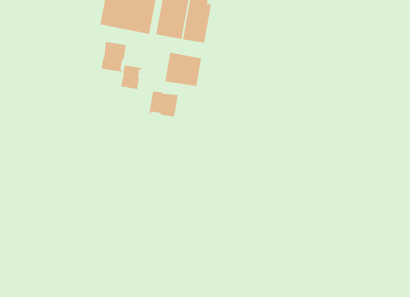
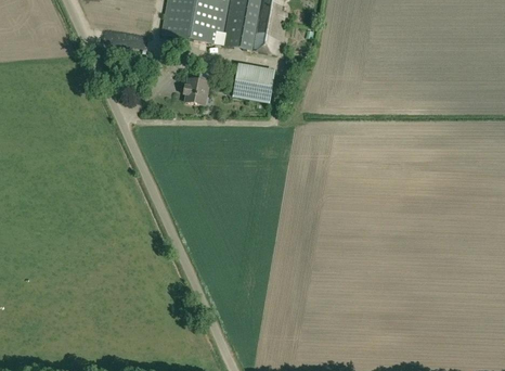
building: [101,41,126,73] -> none
building: [149,91,178,117] -> none

